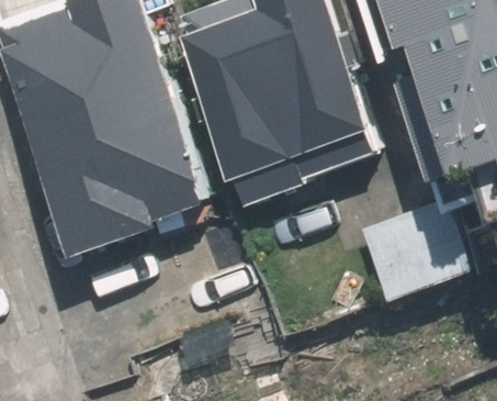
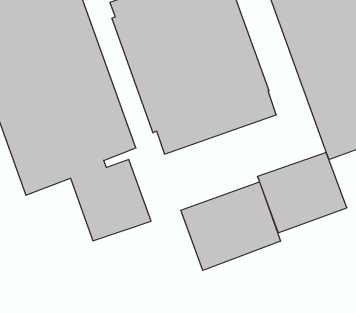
building: none -> [181,182,281,270]

